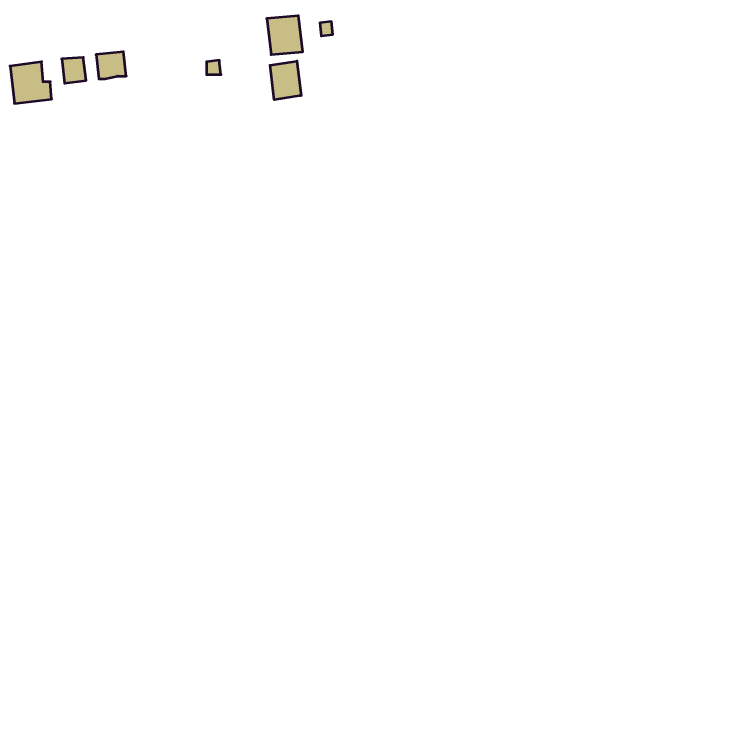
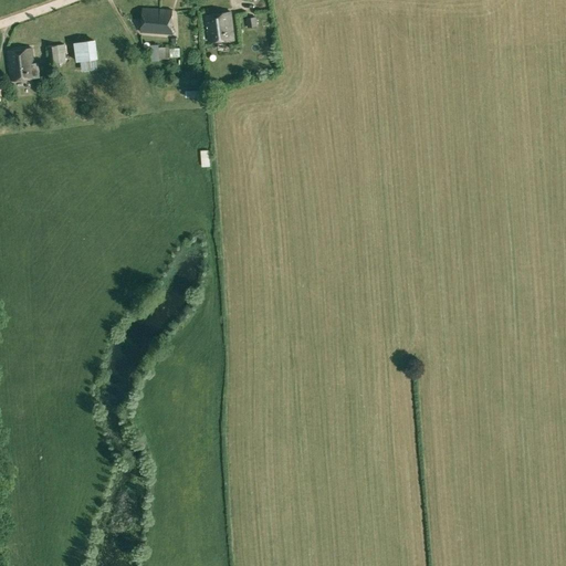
building: none -> [142,9,172,34]
building: [270,61,301,100] -> none

